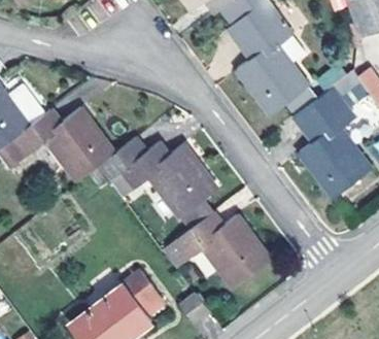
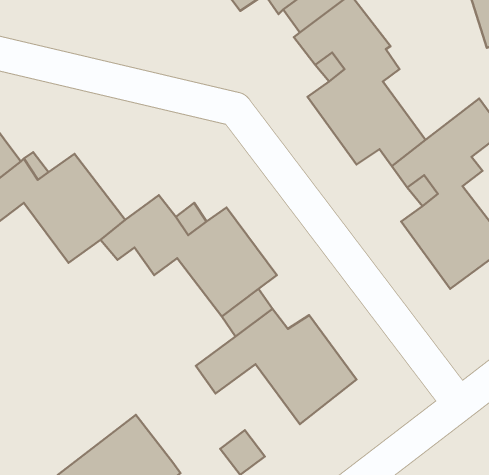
building: [122,269,164,314] -> none

